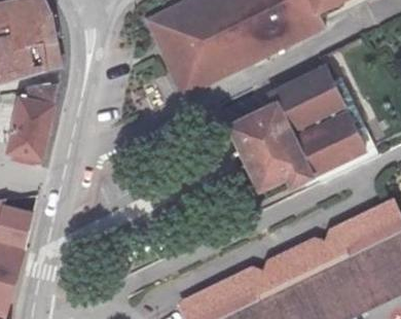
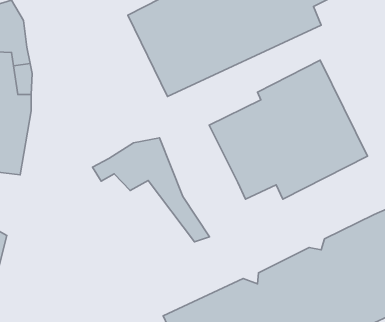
building: none -> [92,138,209,242]

